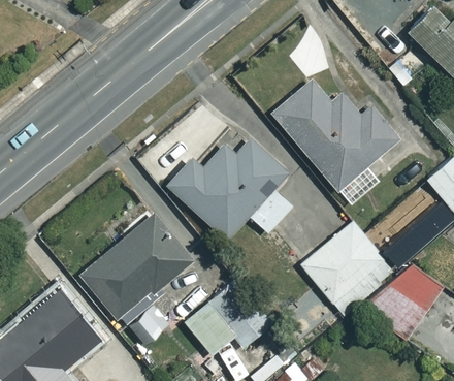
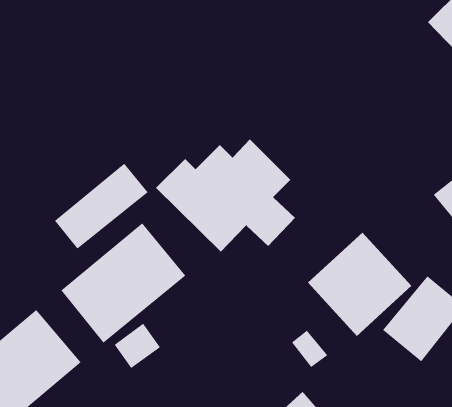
building: [269,80,399,205] -> none
building: none -> [54,163,148,249]
building: [184,280,275,355] -> none

